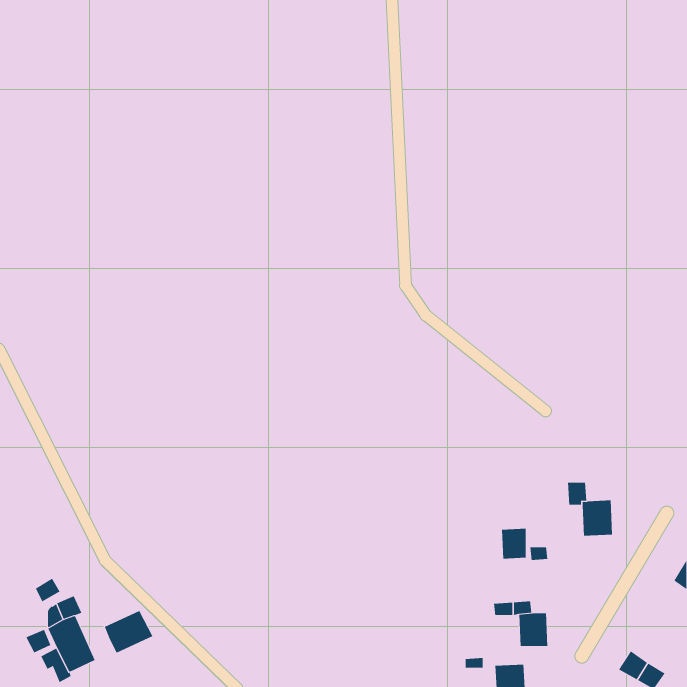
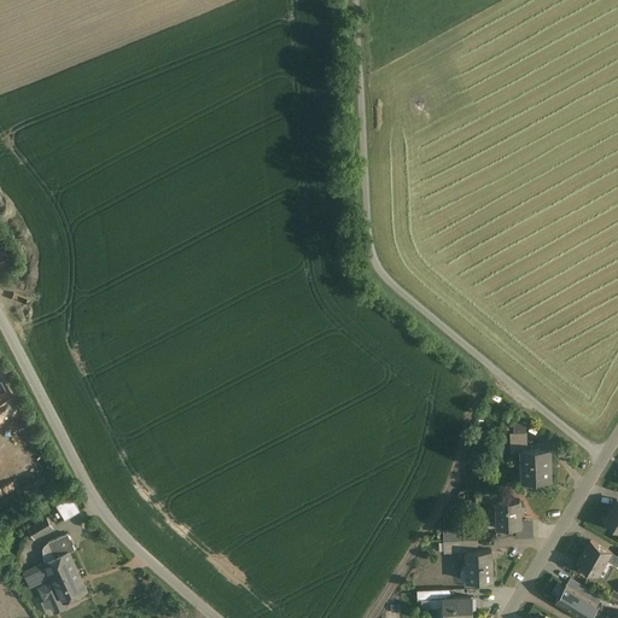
building: [501,528,527,559] -> [496,500,519,527]
building: none -> [576,542,611,576]
building: [104,610,153,654] -> none

